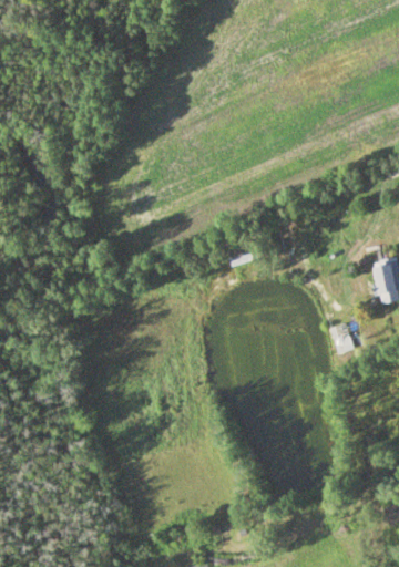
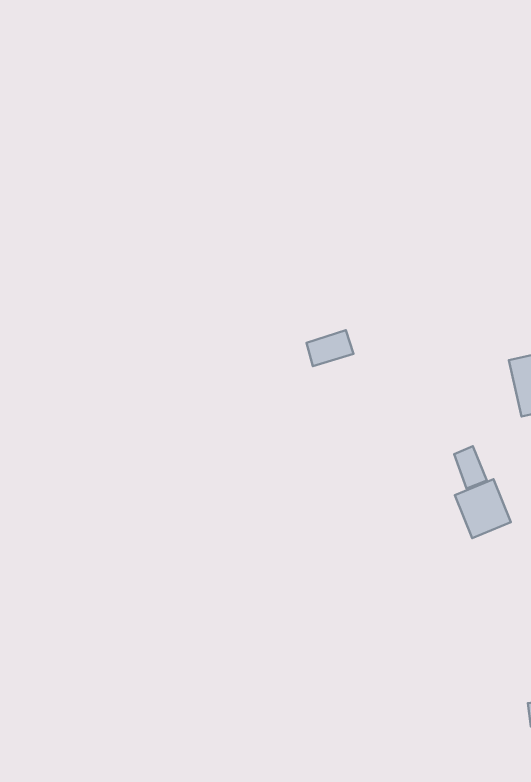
building: none -> [455,479,511,538]

